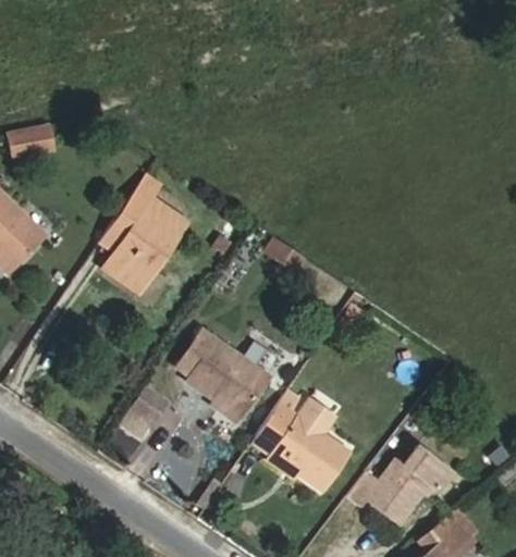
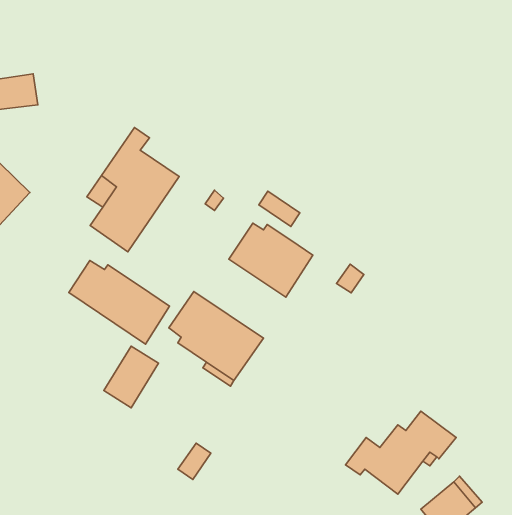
building: none -> [229,223,313,297]
building: none -> [69,260,170,344]
building: [251,391,351,492] -> none

